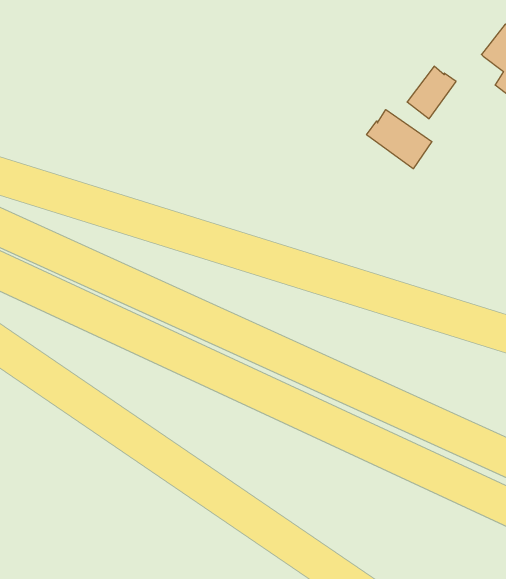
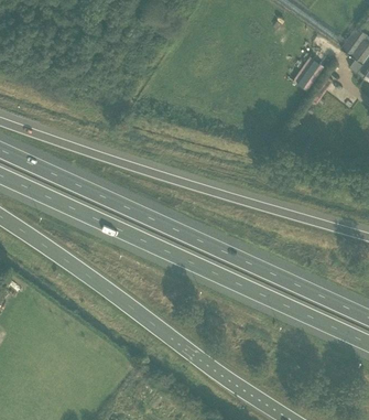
building: [367,110,432,169] -> none

